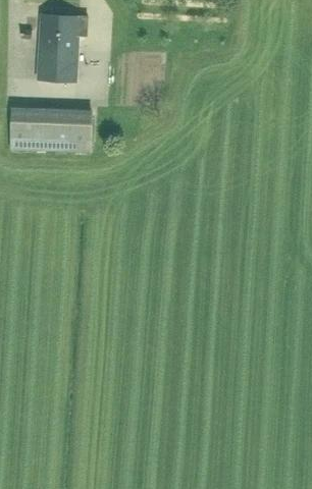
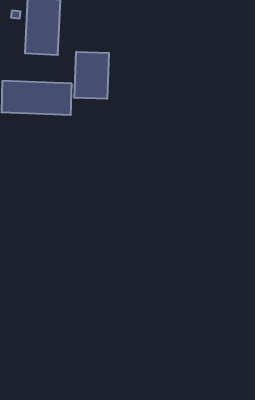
building: none -> [75,52,109,99]

